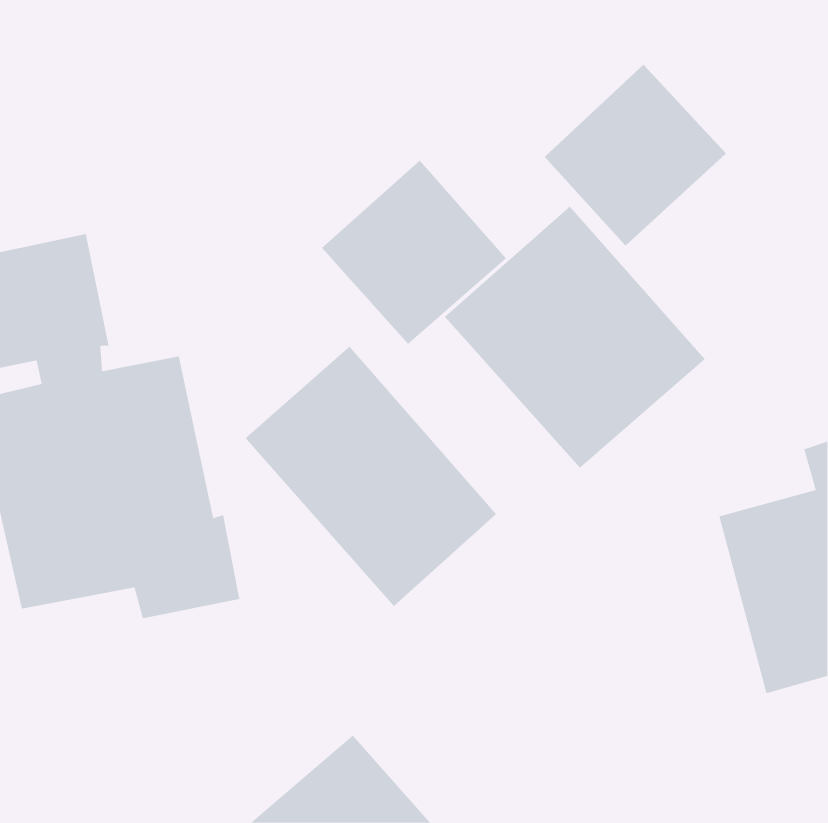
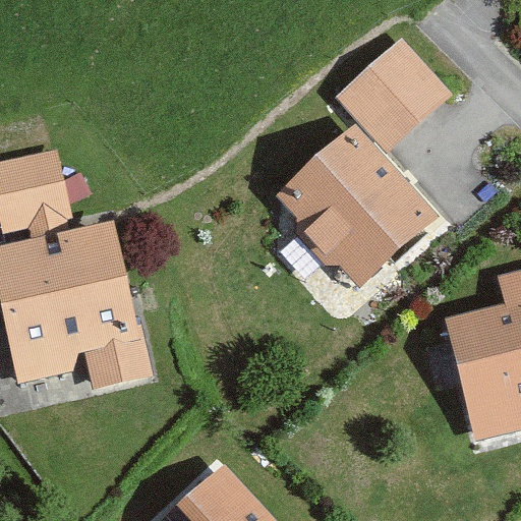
building: [321,160,507,345] -> none
building: [245,346,497,607] -> none

